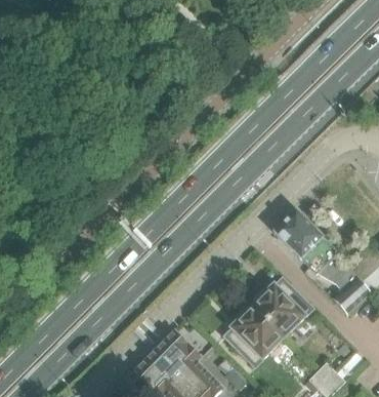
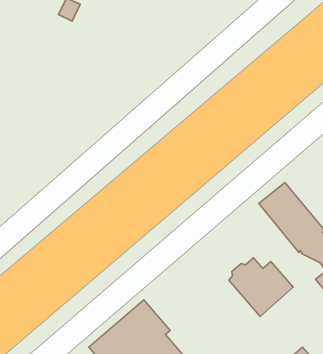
building: [223,304,284,364] -> none

